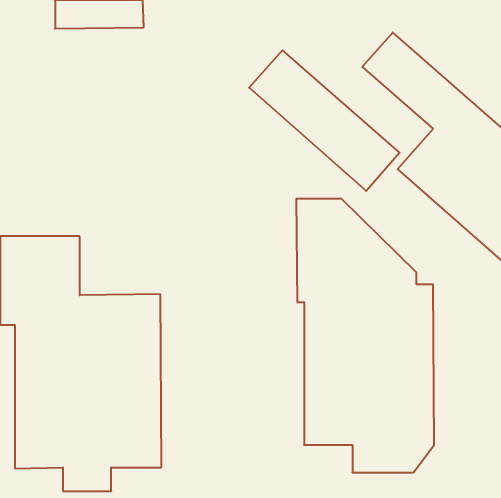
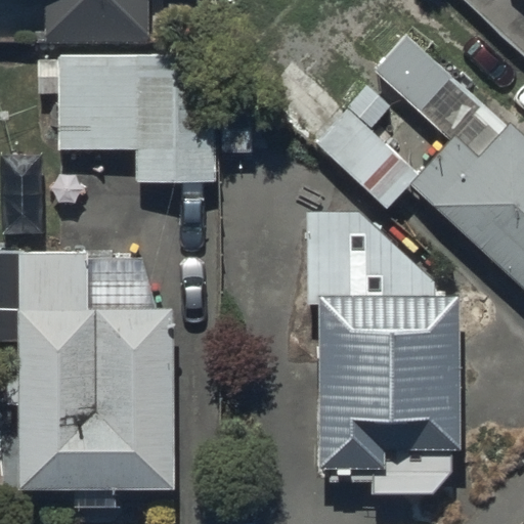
building: none -> [63,53,215,180]

